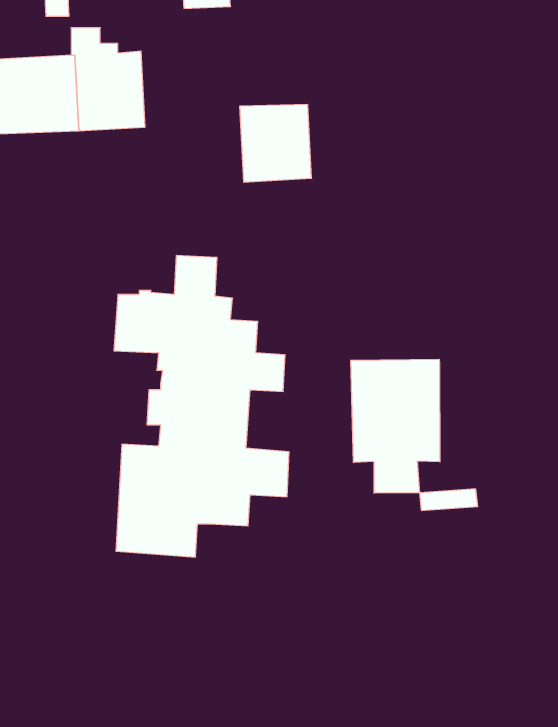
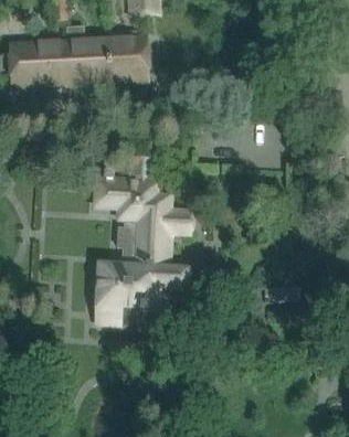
building: [240,104,312,182] -> [109,36,150,81]
building: [351,359,440,493] -> none

